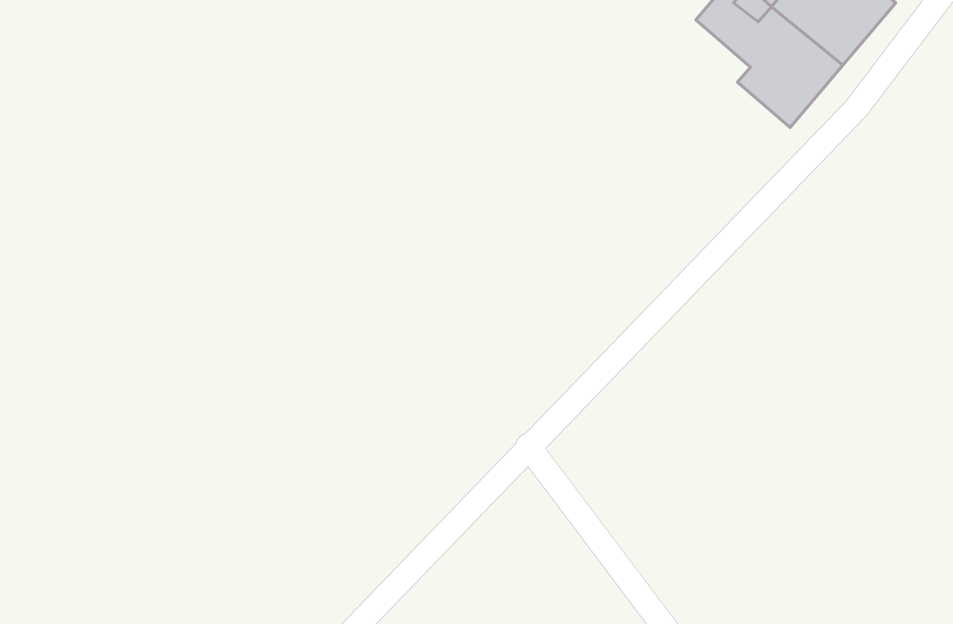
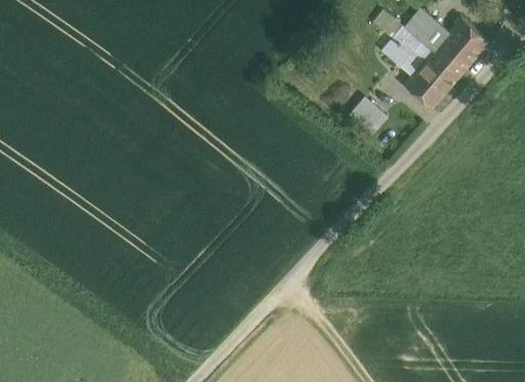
building: none -> [348,95,387,134]

